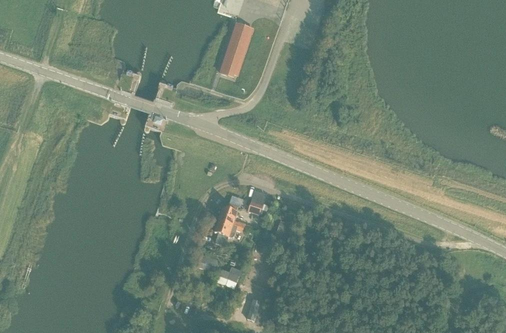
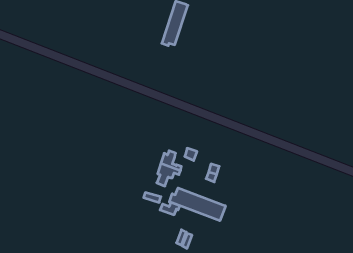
building: none -> [169,188,225,221]

